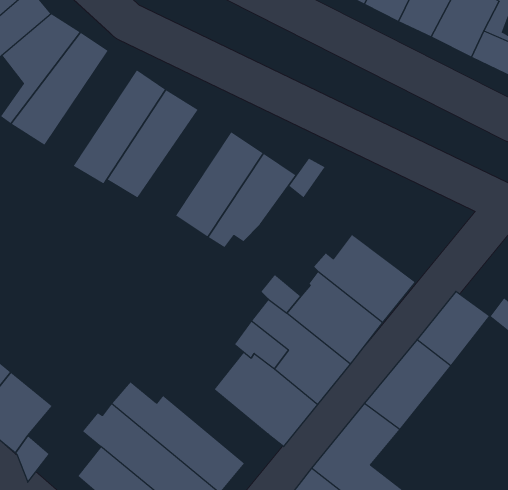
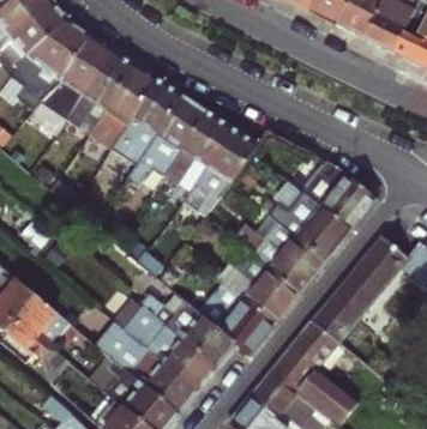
building: none -> [64,49,134,138]
building: none -> [126,95,208,186]
building: none -> [302,161,377,228]
building: none -> [139,274,236,368]

